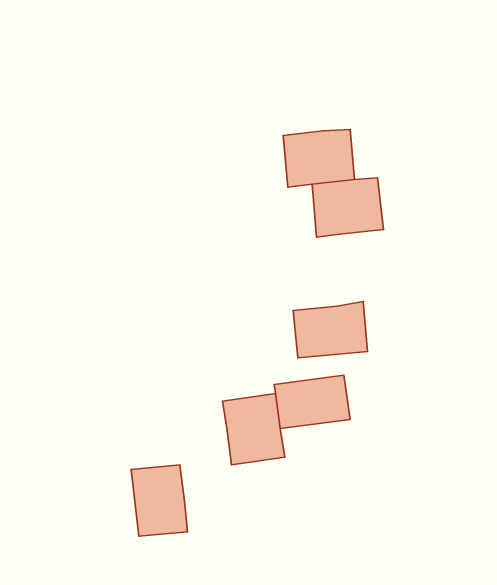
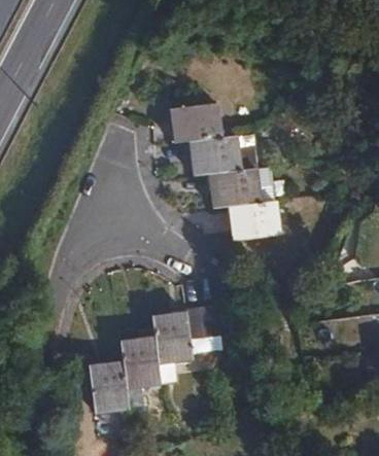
building: none -> [176,102,222,139]
building: [293,302,368,358] -> [234,199,284,237]
building: none -> [124,337,164,386]

